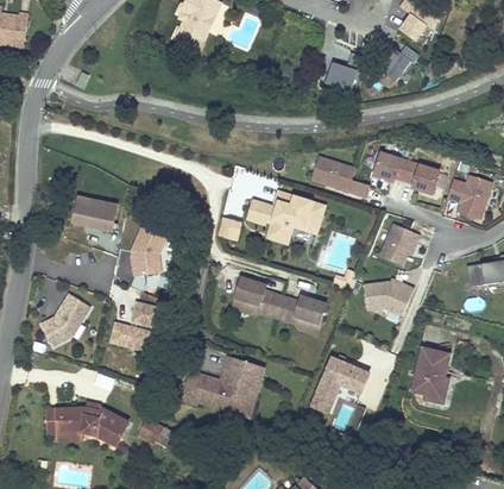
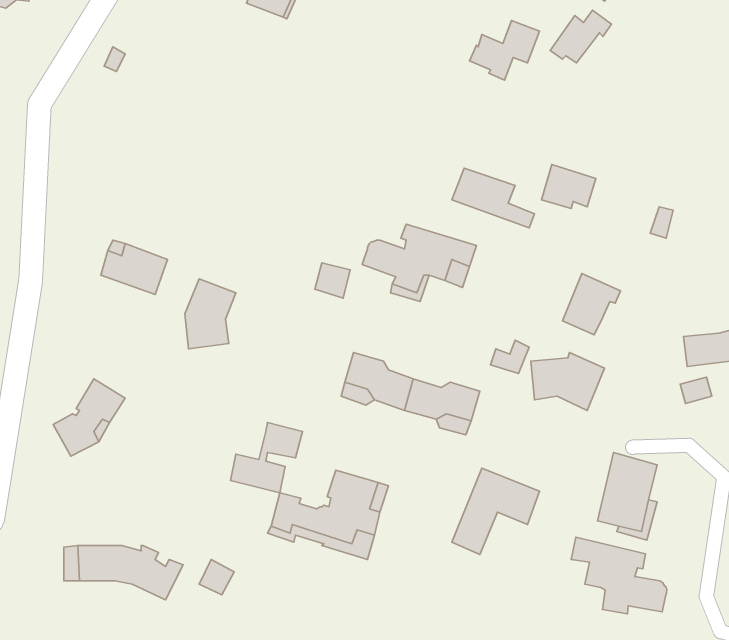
building: [402,159,437,192] -> none
building: [455,175,489,217] -> none
building: [111,302,159,350] -> [231,423,303,493]
building: none -> [571,537,667,614]

